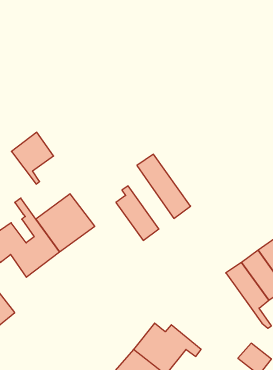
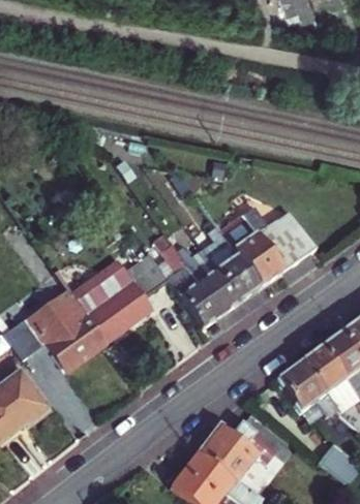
building: [11,132,54,184] -> [119,247,169,308]
building: none -> [217,209,317,284]
building: none -> [182,240,241,311]
building: none -> [277,363,332,415]

